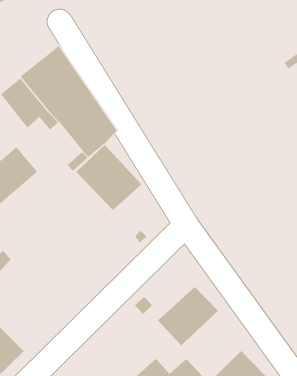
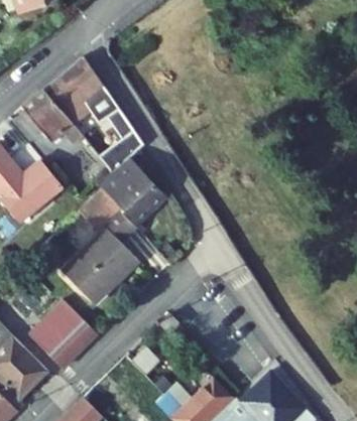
building: none -> [63,192,137,303]
building: [157,286,219,346] -> none
building: none -> [29,308,97,368]

